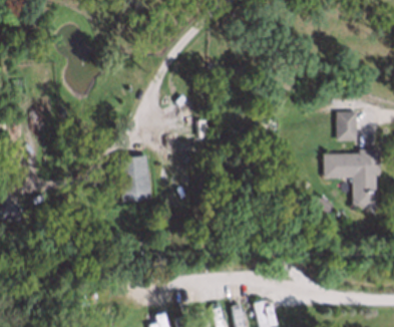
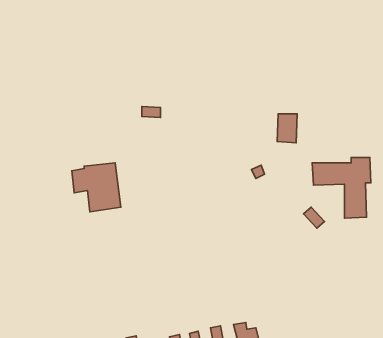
building: [336,112,354,138] -> [277,114,297,143]

